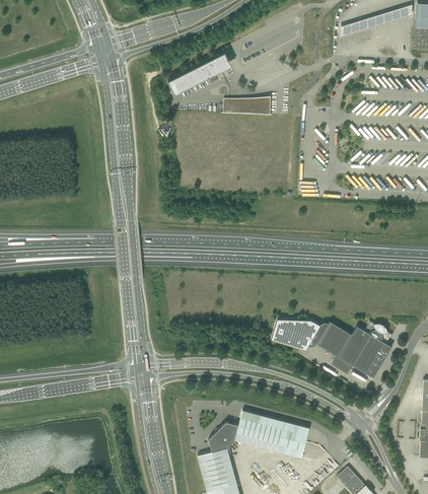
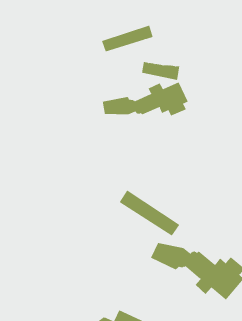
building: none -> [102,82,188,117]
building: none -> [119,189,180,236]

